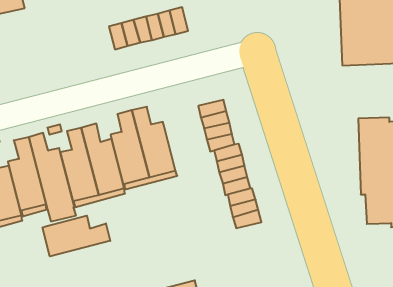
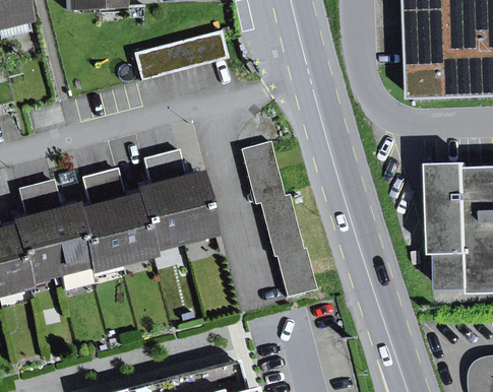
building: [43,216,110,256] -> none

